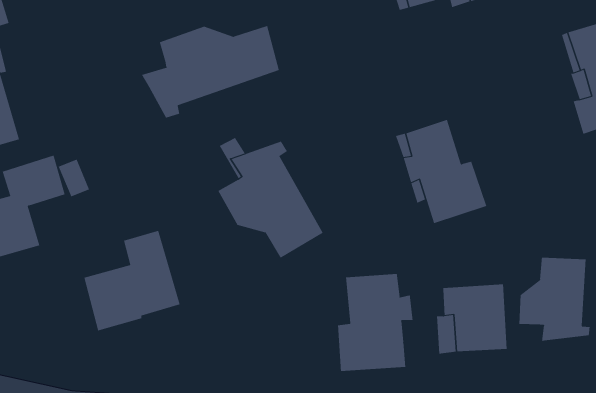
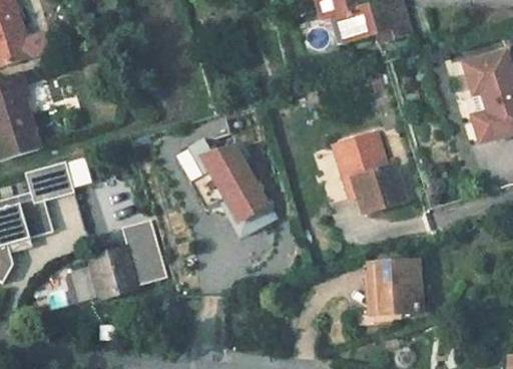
building: [141,25,280,119] -> none
building: [519,257,590,342] -> none
building: [338,273,413,372] -> none

